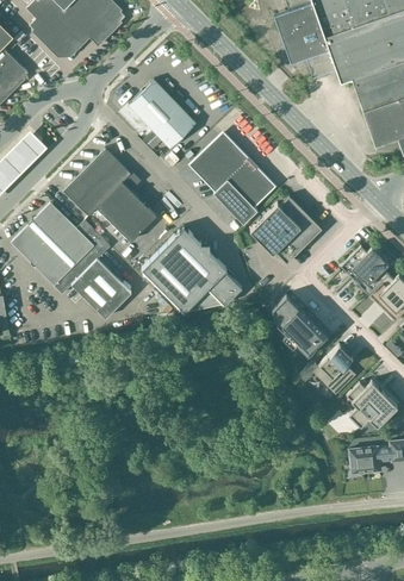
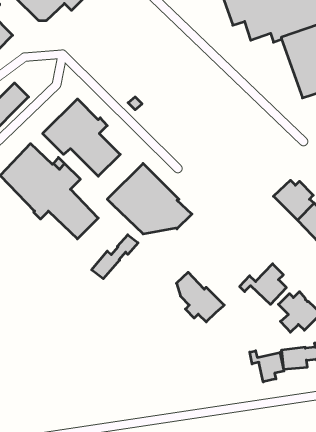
building: [128,80,195,148] -> none
building: [192,135,273,224] -> none
building: [249,195,317,264] -> none
building: [272,295,329,355] -> [176,272,224,322]
building: none -> [92,235,138,279]
building: none -> [250,351,284,382]

